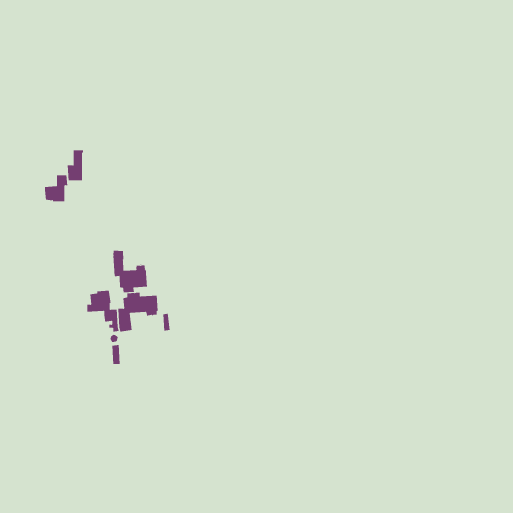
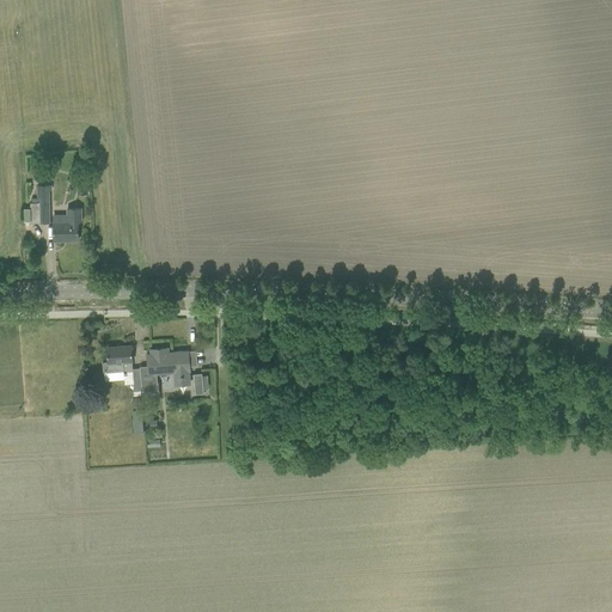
building: [67,150,84,181] -> [30,185,50,222]
building: [113,250,147,293] -> none

